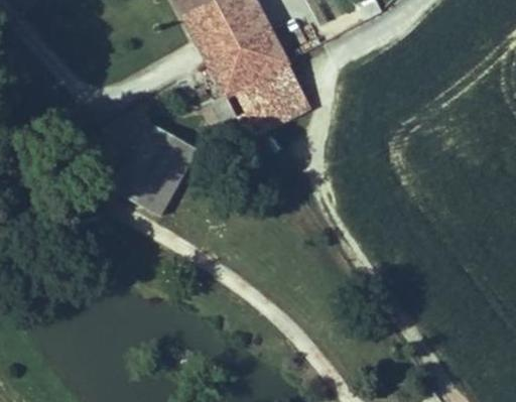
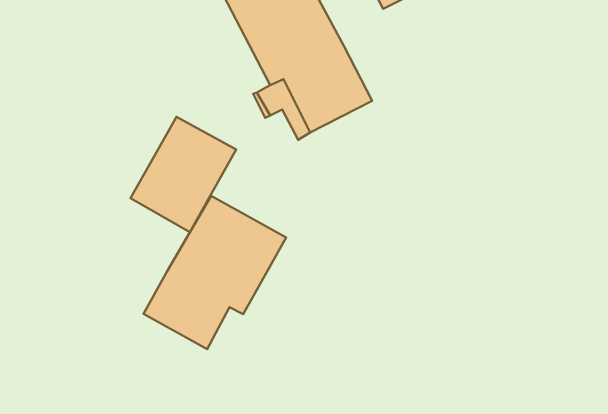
building: none -> [144,196,286,349]

